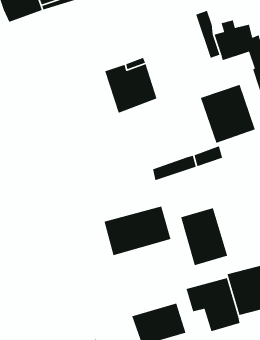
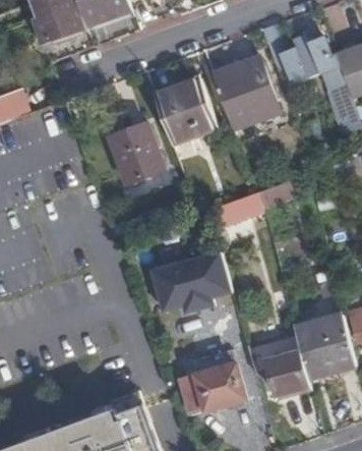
building: [200,84,256,144] -> [210,59,276,129]
building: none -> [110,123,164,183]
building: [180,207,228,266] -> none

